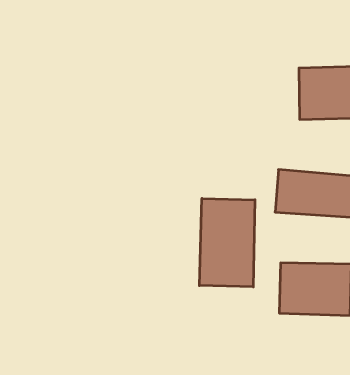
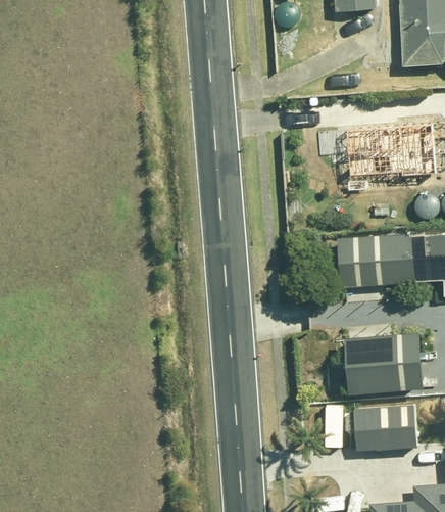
building: [199,198,255,287] -> none
building: none -> [353,405,419,452]

